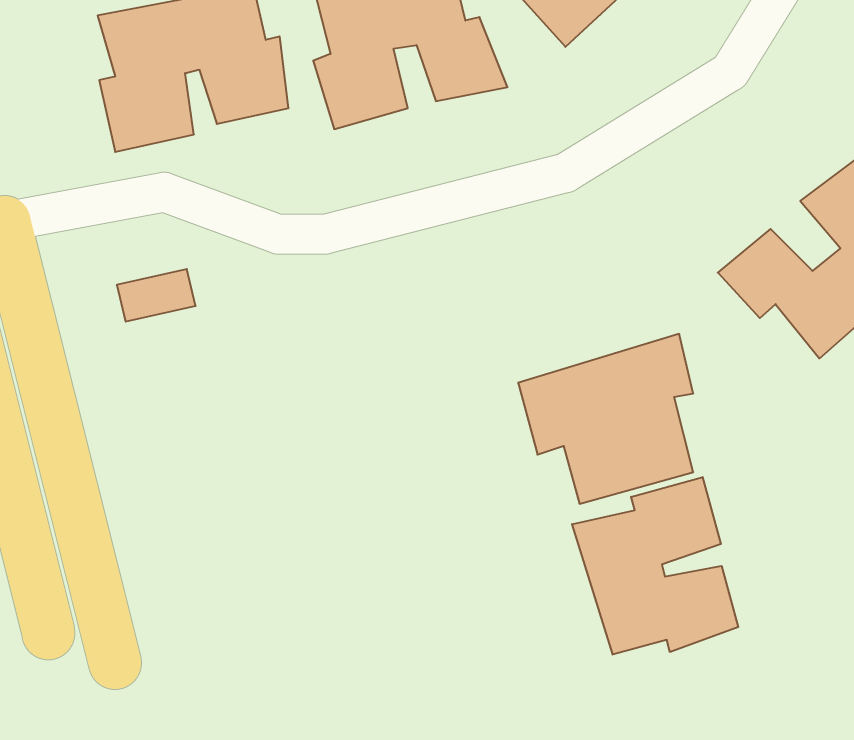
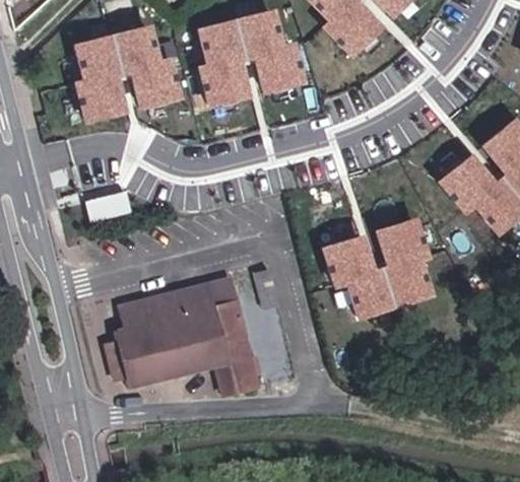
building: none -> [104,273,260,394]
building: [572,477,738,655] -> none

